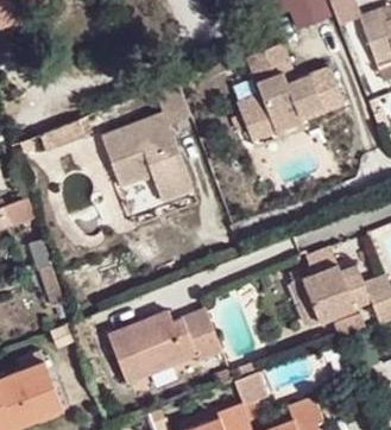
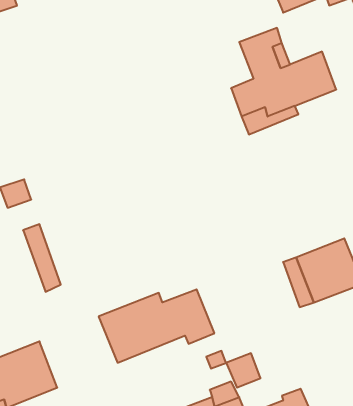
building: [100,84,195,205] -> none

